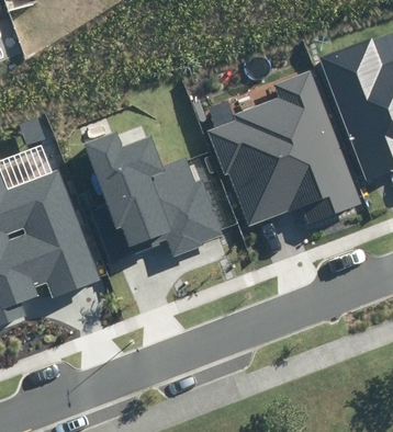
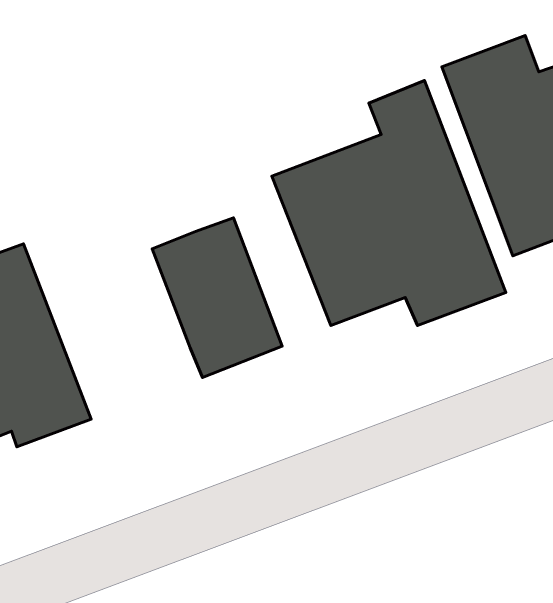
building: [85,132,165,250] -> none

